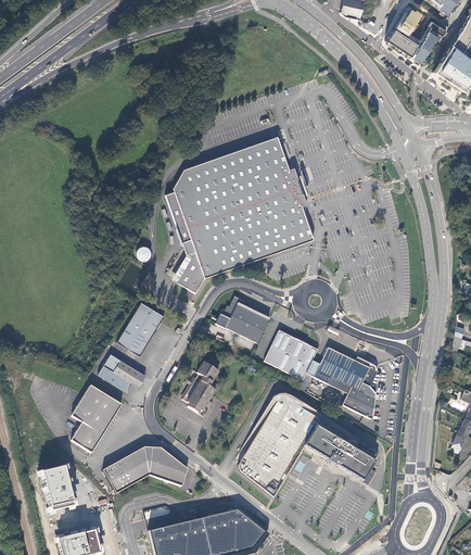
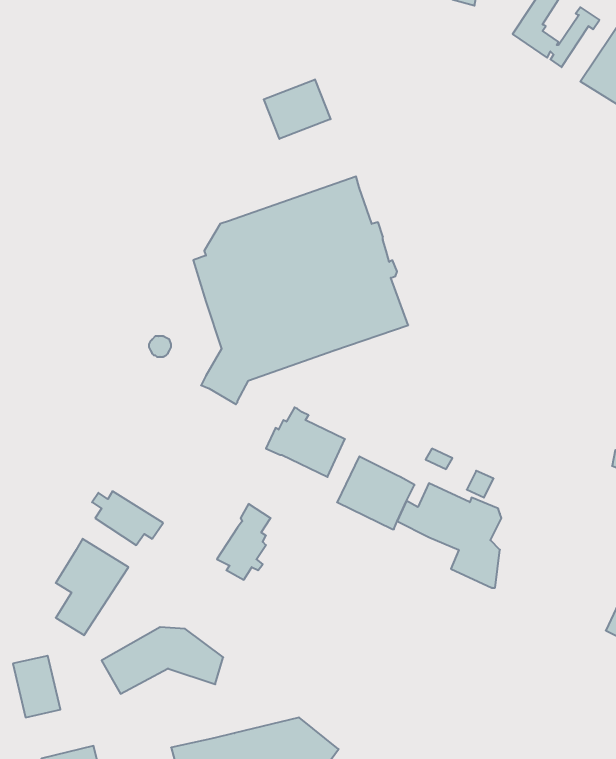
building: none -> [264,79,331,139]
building: [117,302,165,356] -> none
building: [239,402,378,496] -> none

